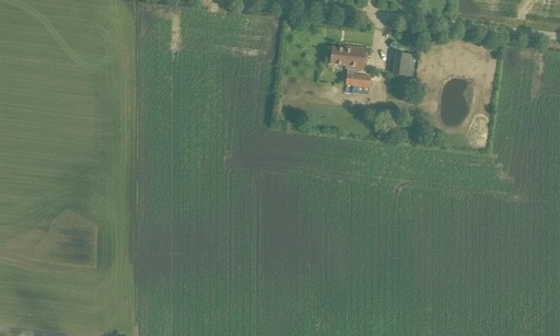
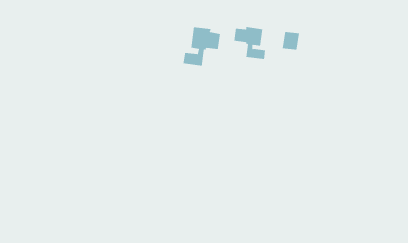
building: none -> [183,26,220,66]

